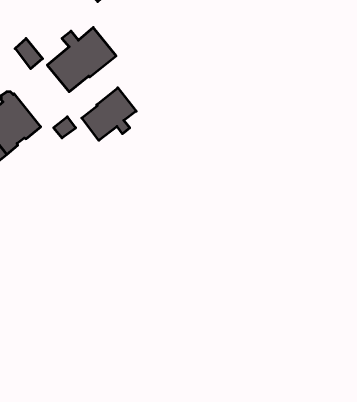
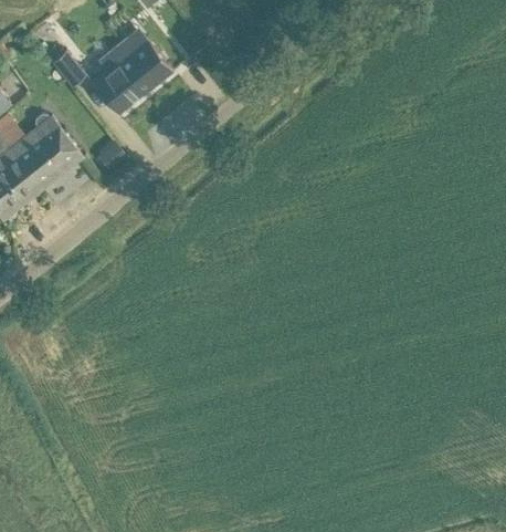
building: [82,88,136,140] -> none

